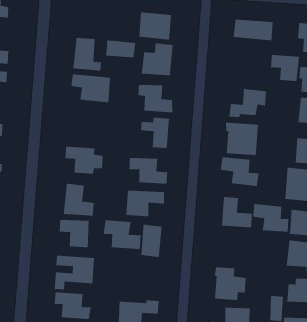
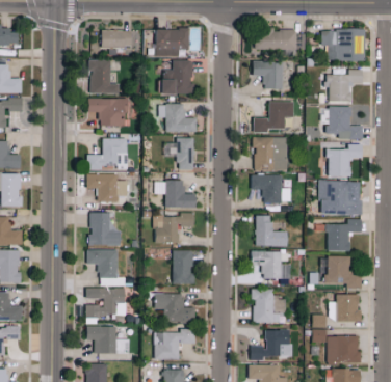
building: [105,39,136,58] -> [102,29,133,47]
building: [270,54,300,82] -> [254,61,284,88]
building: none -> [89,137,128,168]
building: [253,203,289,233] -> [252,250,290,278]
building: [103,220,141,250] -> [155,293,196,322]

